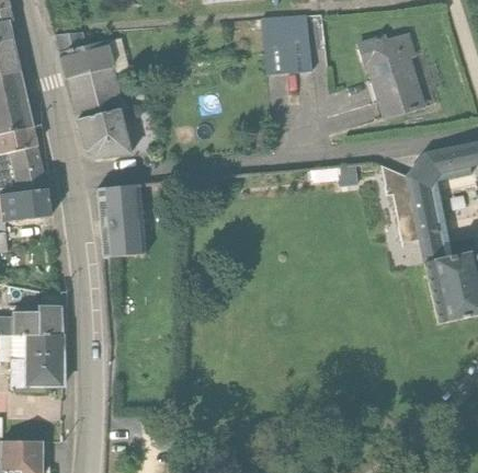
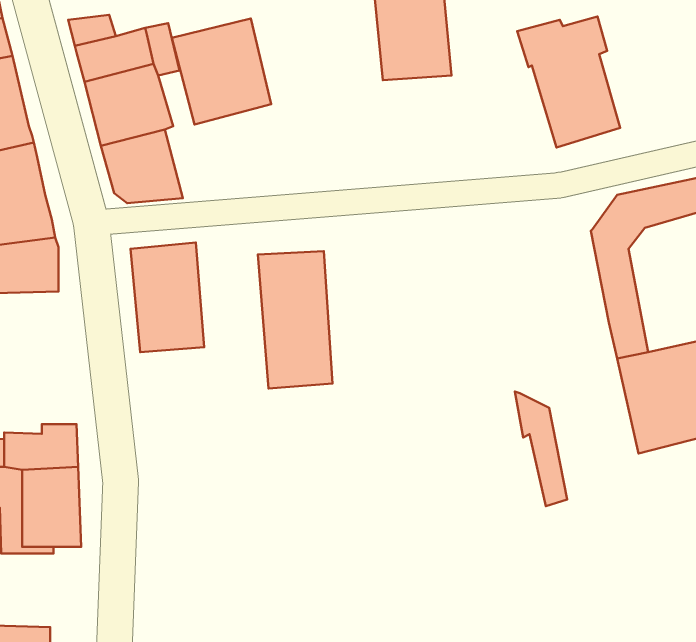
building: none -> [172,18,271,124]
building: [383,164,418,241] -> [515,392,567,506]
building: none -> [258,251,332,389]

